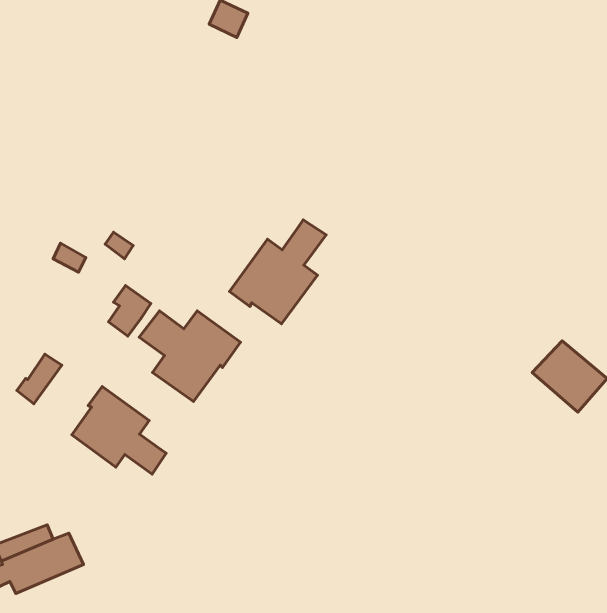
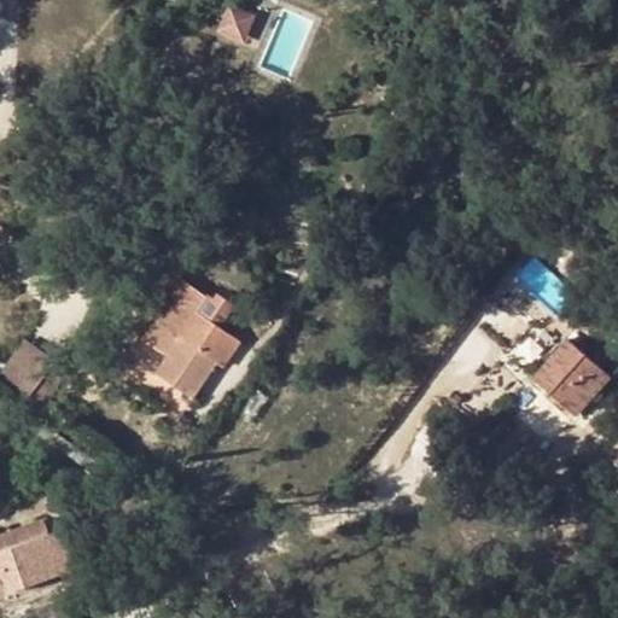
building: [230,220,326,324] -> none
building: [109,285,151,336] -> [164,278,206,328]
building: [72,387,166,474] -> none

